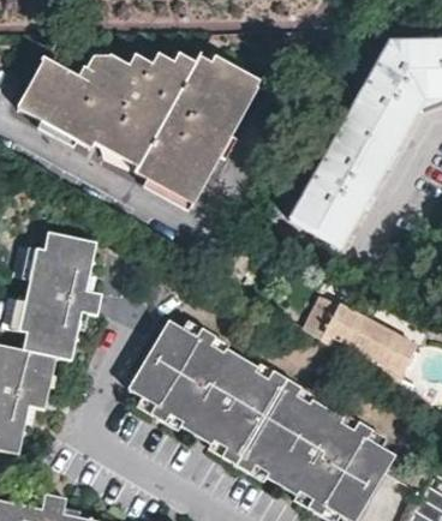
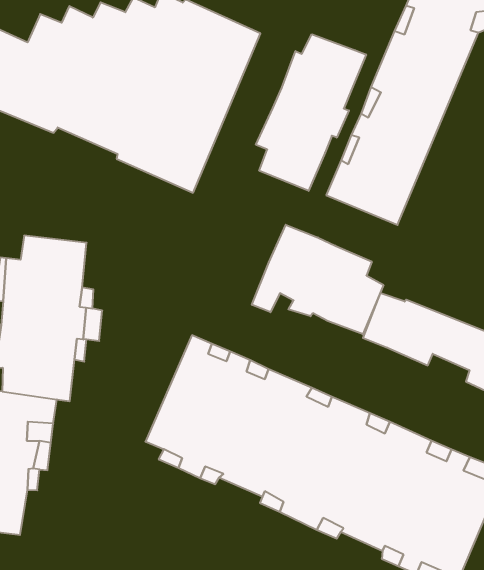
building: none -> [256,34,366,191]
building: none -> [252,225,383,334]

